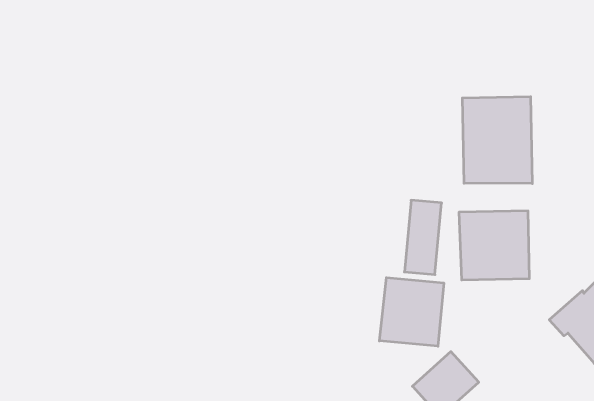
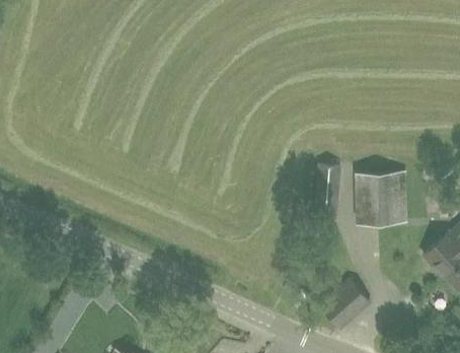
building: [462,97,532,184] -> none
building: [379,278,444,346] -> none

